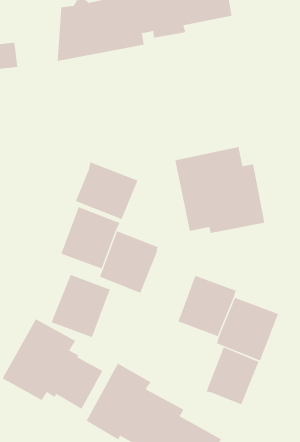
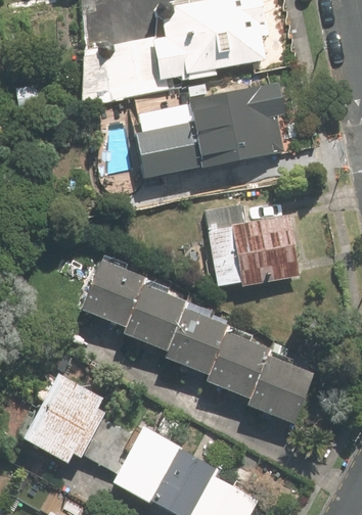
building: none -> [128,81,285,186]
building: [75,162,138,220] -> none
building: [51,274,111,338] -> [168,308,231,375]
building: [206,347,259,405] -> none

